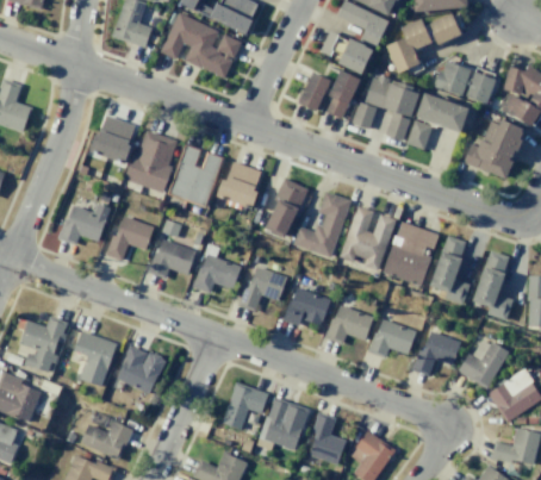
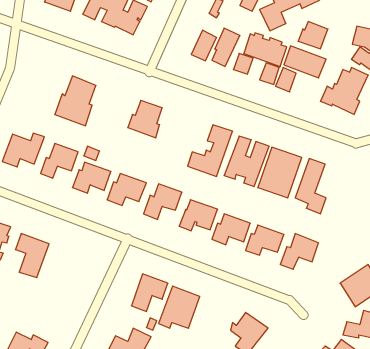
building: [338,38,373,74] -> none
building: [465,71,496,104] -> none
building: [91,116,133,163] -> none
building: [168,144,224,207] -> none
building: [266,177,309,237] -> none
building: [473,250,512,319] -> none
building: [458,341,509,388] -> none
building: [116,344,166,395] -> none
building: [309,412,346,465] -> none
building: [79,420,132,460] -> none

